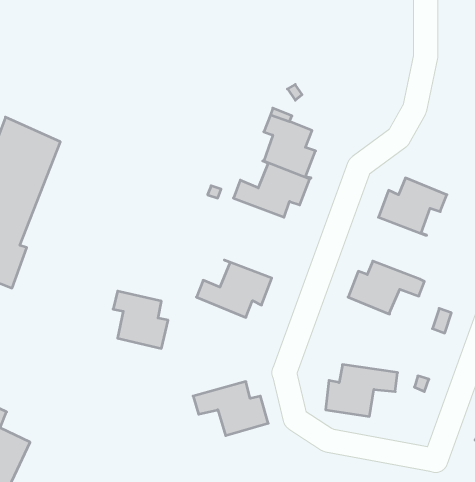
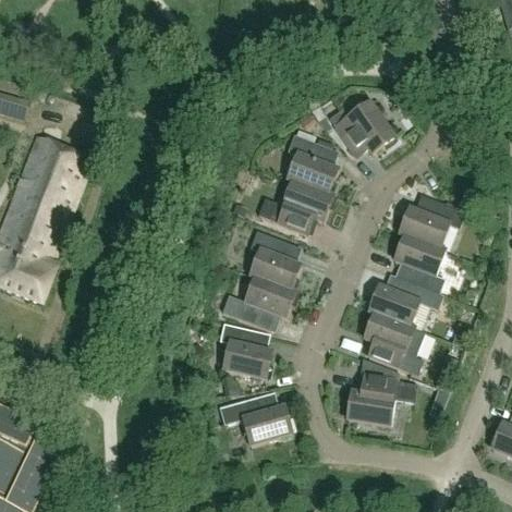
building: none -> [328,101,393,158]
building: none -> [248,230,300,292]
building: none -> [392,233,443,293]
building: [113,291,168,348] -> [218,322,271,378]
building: none -> [363,310,424,375]

